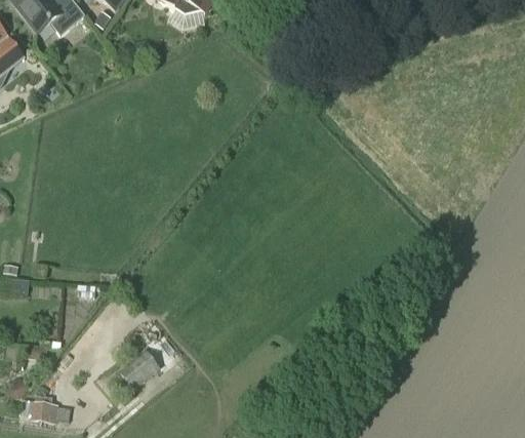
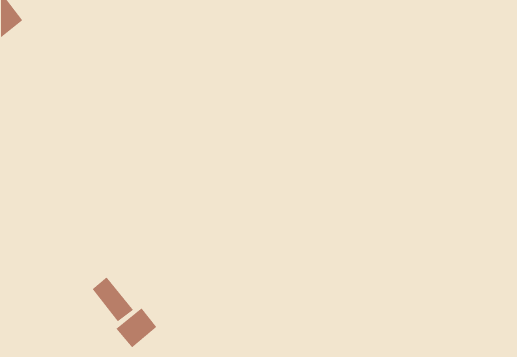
building: none -> [92,276,134,322]

